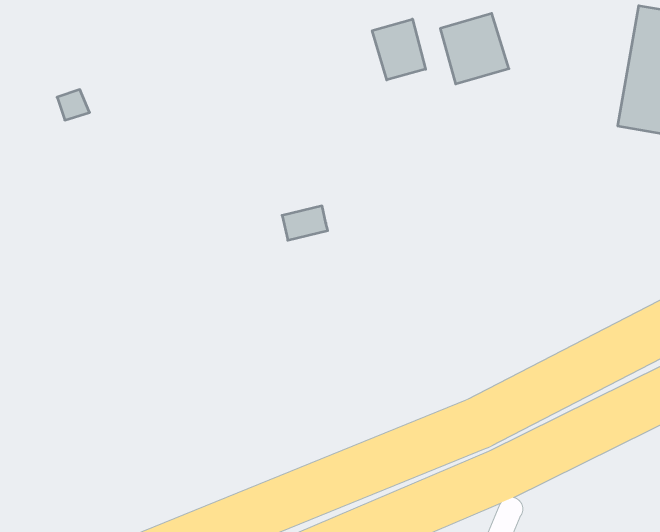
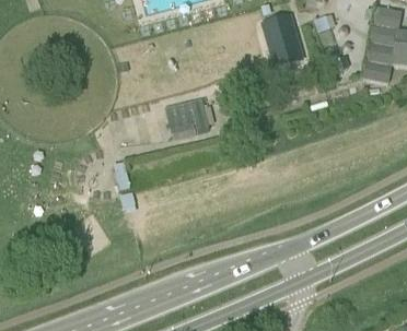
building: [372,19,426,80] -> none

